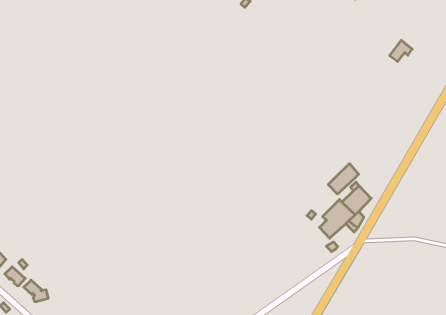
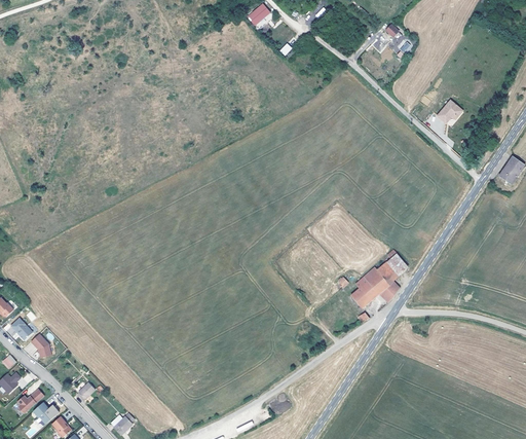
building: [328,164,359,194] -> none

